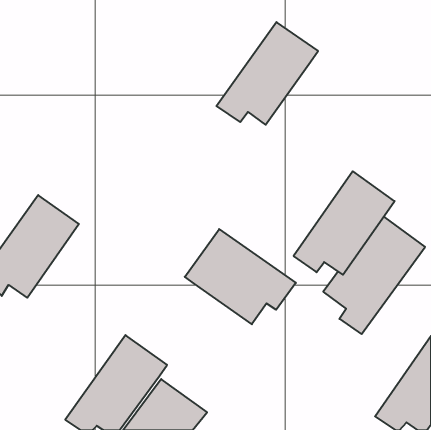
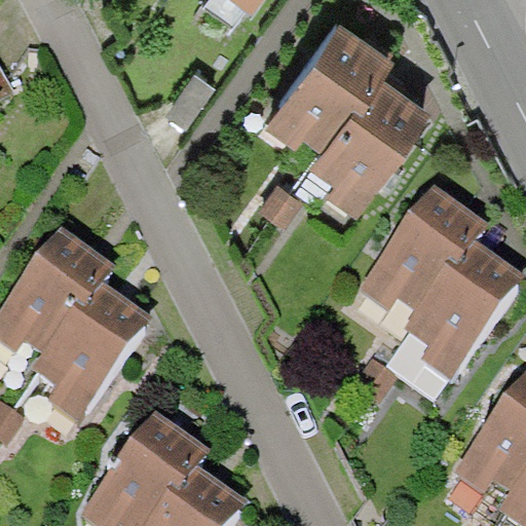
building: none -> [305,72,429,218]
building: none -> [35,277,159,423]
building: [185,229,296,324] -> none

